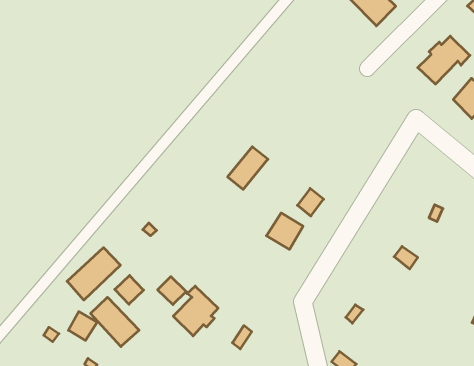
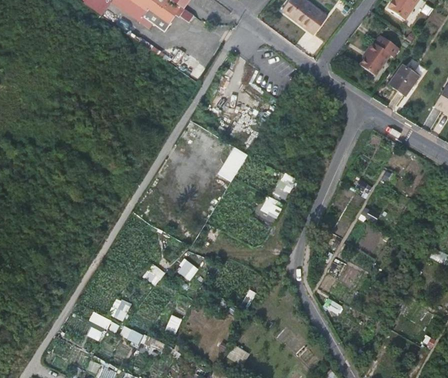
building: [67,248,120,300] -> none
building: [173,286,218,336] -> none
building: [91,297,139,347] -> none

